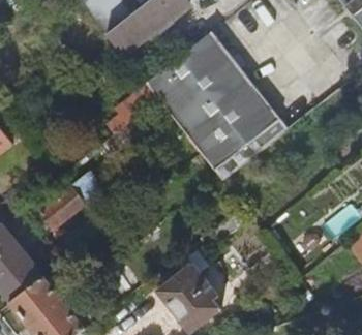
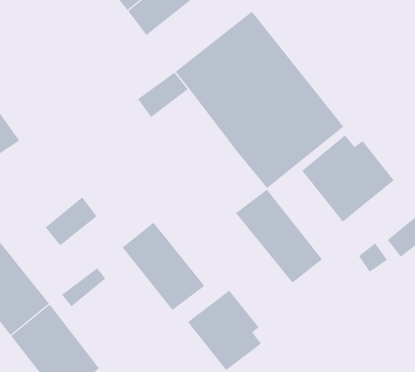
building: none -> [301,134,394,223]
building: none -> [235,189,323,284]
building: none -> [122,222,205,311]

